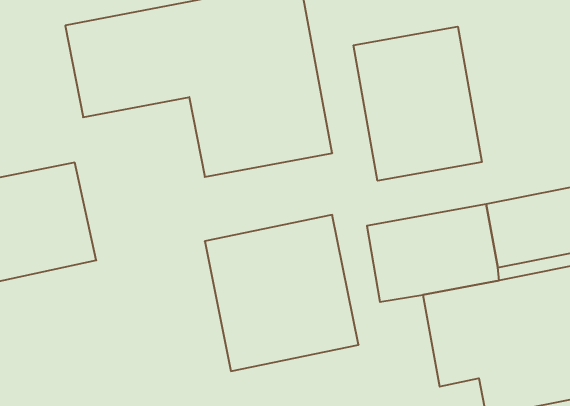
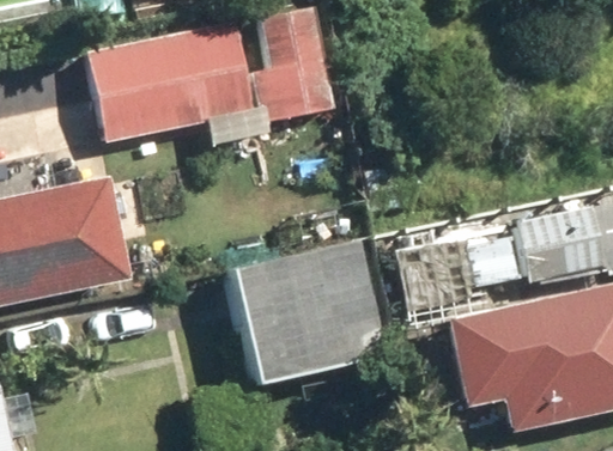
building: [354,27,482,181] -> none

